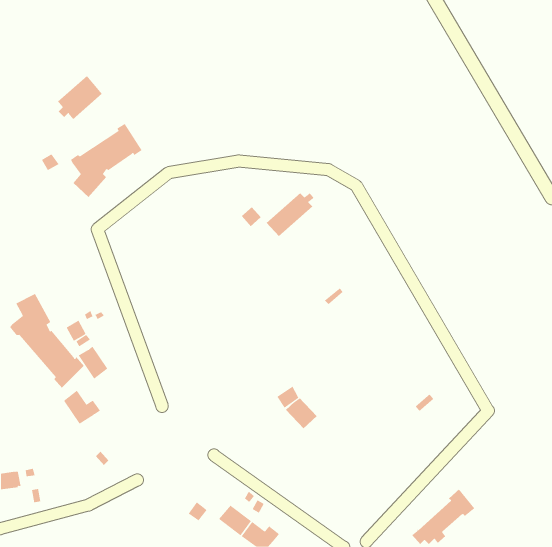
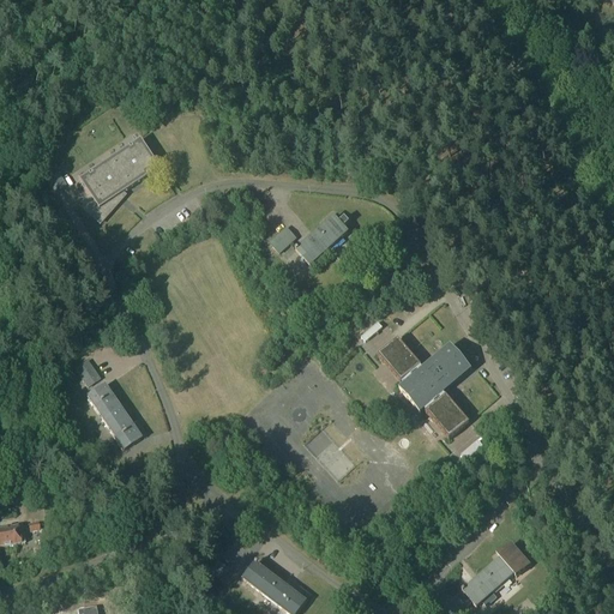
building: [57,75,103,120] -> none
building: [10,293,85,388] -> none
building: none -> [378,336,471,437]
building: [63,390,101,425] -> [104,409,146,447]

